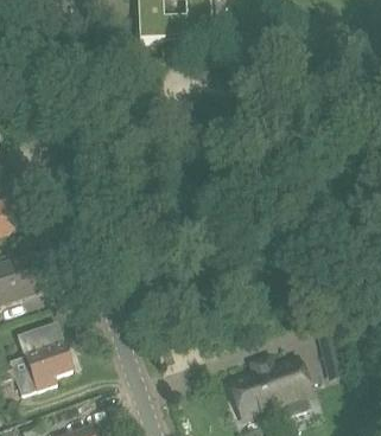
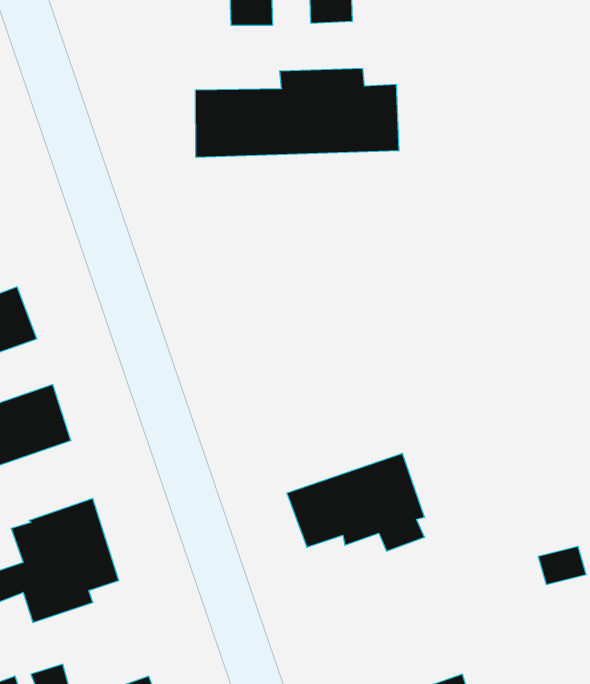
building: none -> [195,68,399,157]
building: [228,358,310,416] -> [287,453,425,551]

